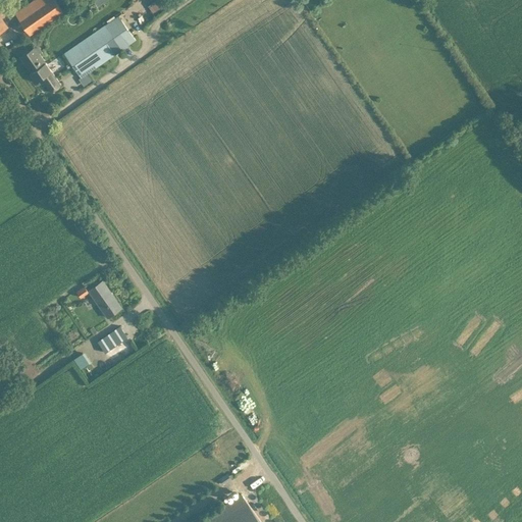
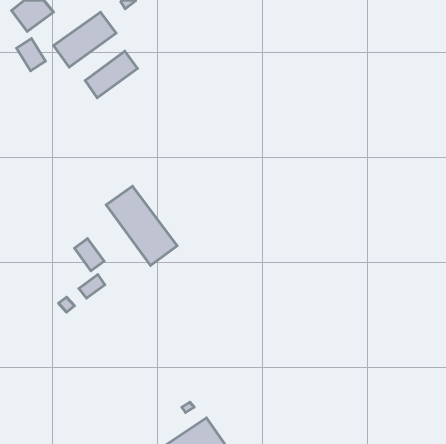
building: none -> [85,51,138,98]
building: none -> [106,186,177,265]

